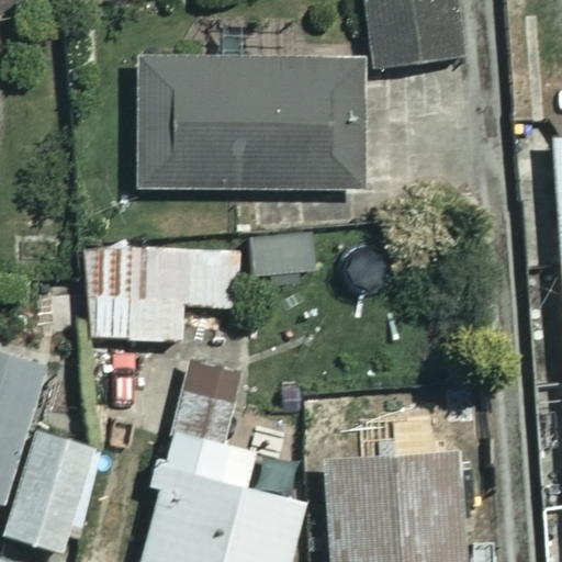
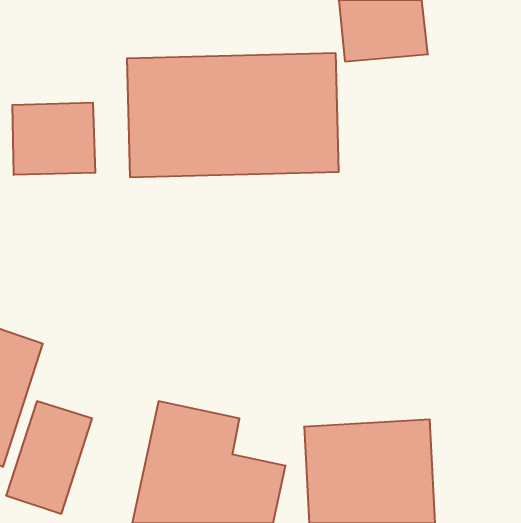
building: none -> [12,103,95,175]
building: [87,245,239,338] -> none

